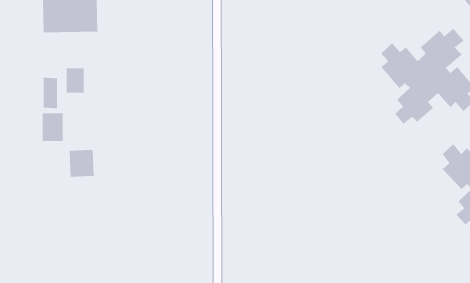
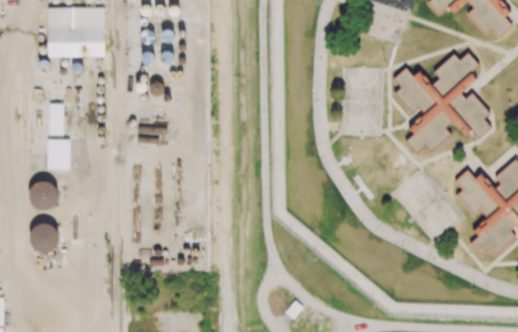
building: [66,68,84,94] -> none
building: [69,150,95,177] -> [29,181,56,210]
building: none -> [27,221,60,254]

